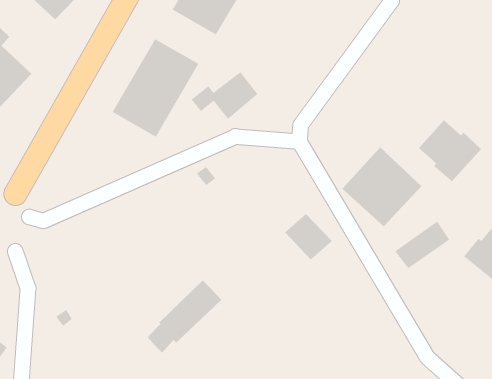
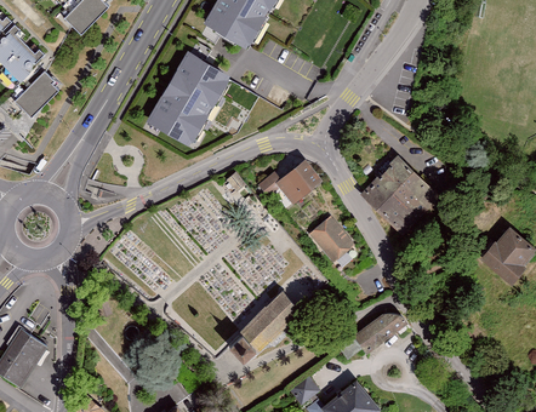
building: [191,71,258,120] -> [255,160,319,206]
building: [418,119,482,182] -> none
building: [394,221,450,269] -> [354,307,407,353]
building: [147,280,222,354] -> [227,293,298,364]

